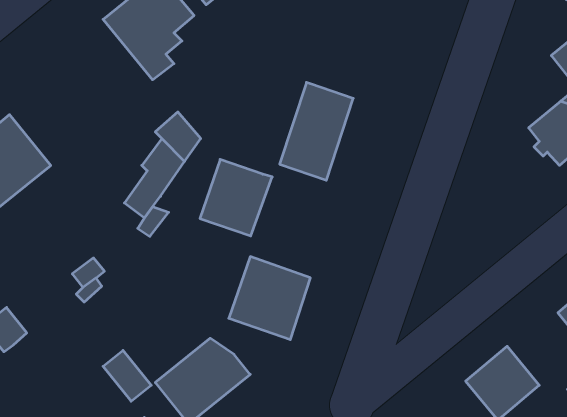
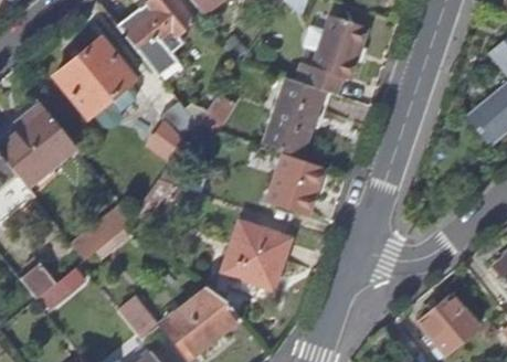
building: none -> [289,15,369,93]
building: none -> [54,38,134,116]
building: [200,159,272,236] -> [265,153,325,216]

